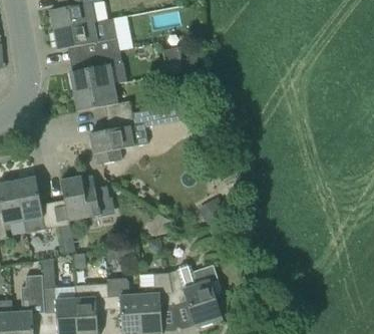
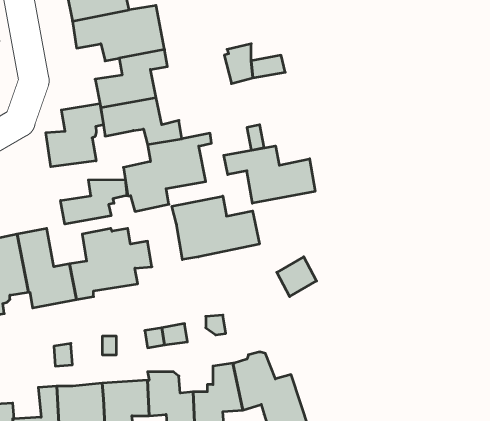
building: none -> [46,104,103,167]
building: none -> [224,146,315,203]
building: none -> [61,179,127,224]
building: none -> [172,196,259,260]

